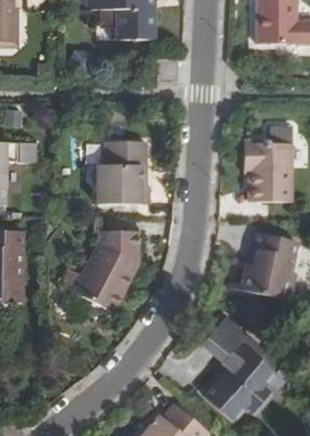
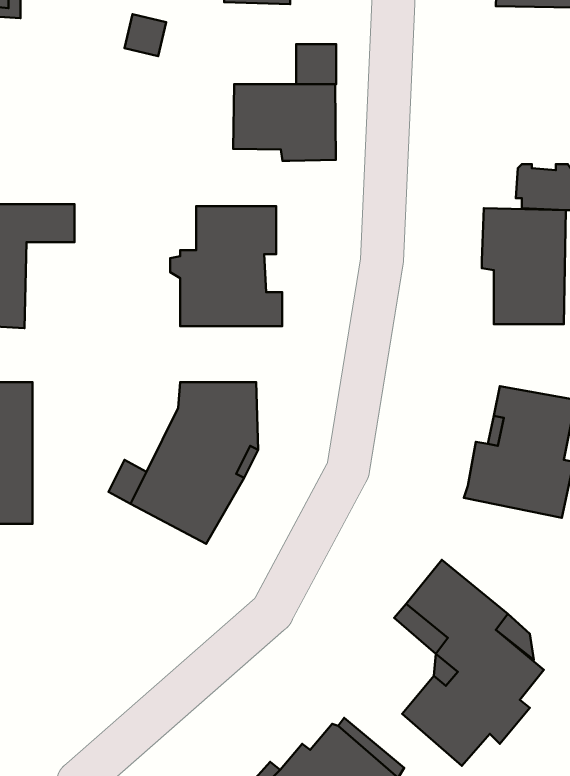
building: none -> [233,84,336,161]

